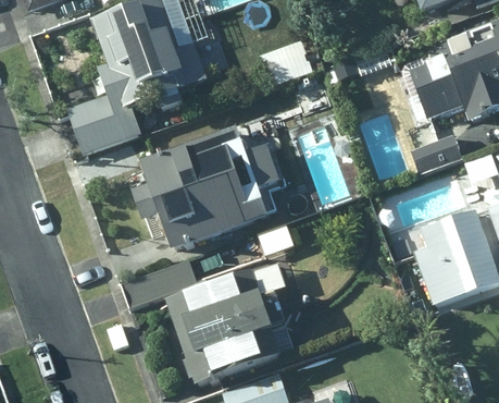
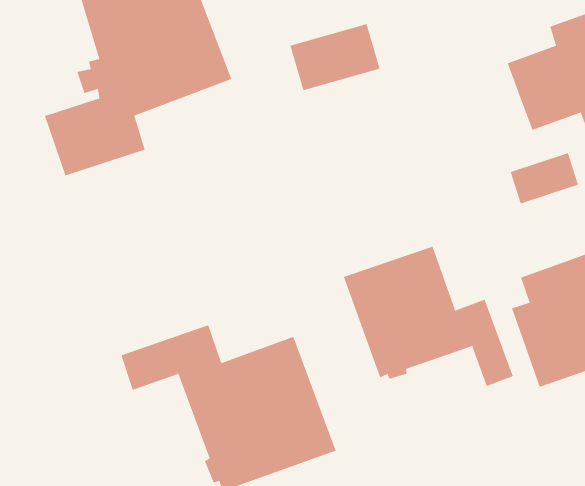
building: [134,126,280,248] -> none
building: none -> [343,246,513,387]

